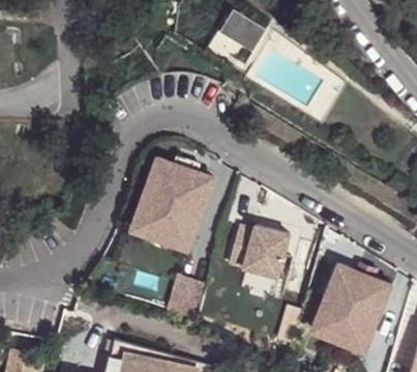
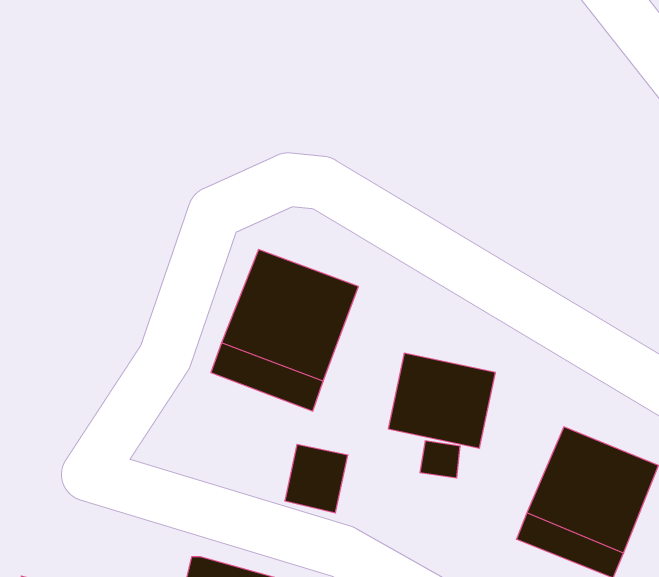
building: [220,16,267,58] -> none

